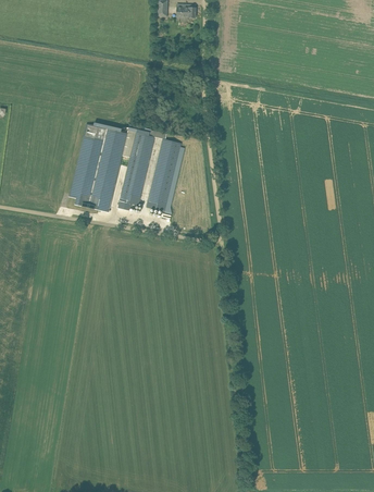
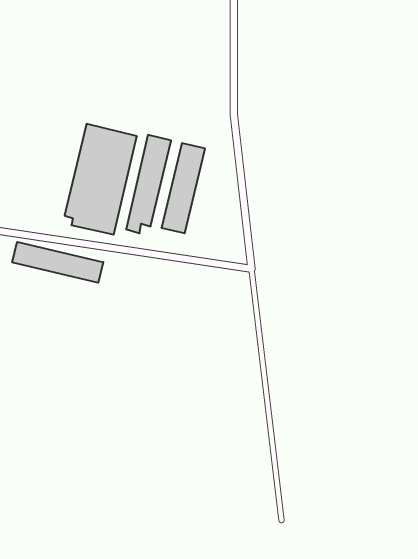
building: none -> [12,242,103,283]

